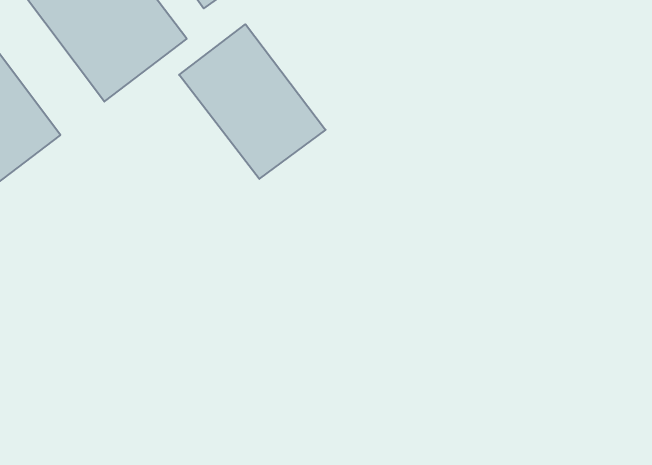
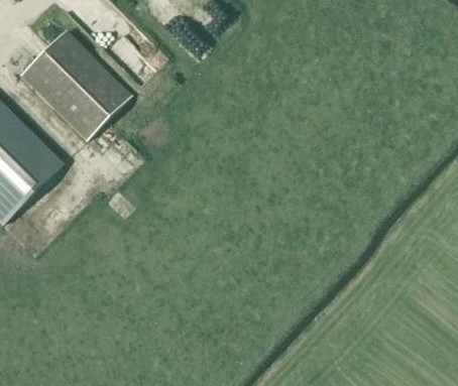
building: [179,24,326,179] -> none

